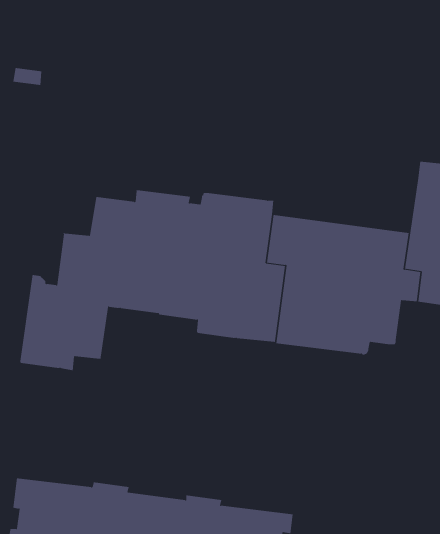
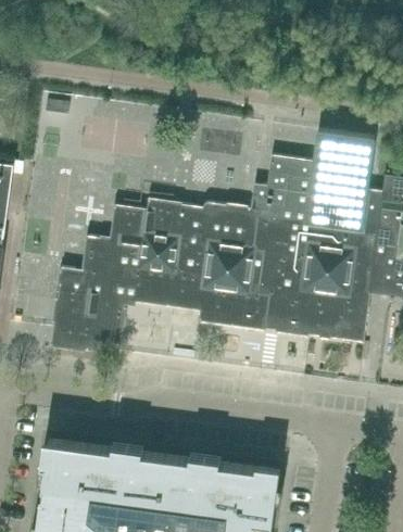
building: none -> [251,128,382,236]

